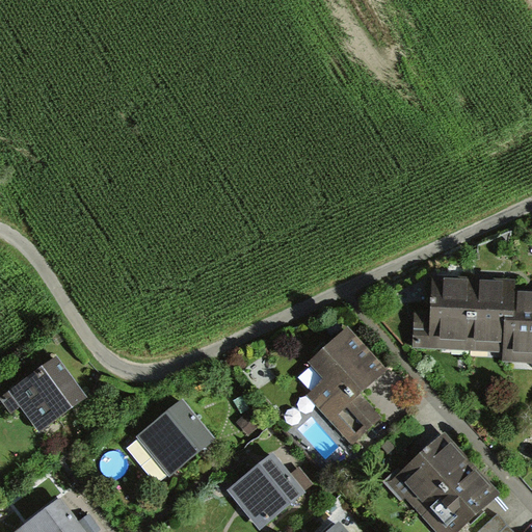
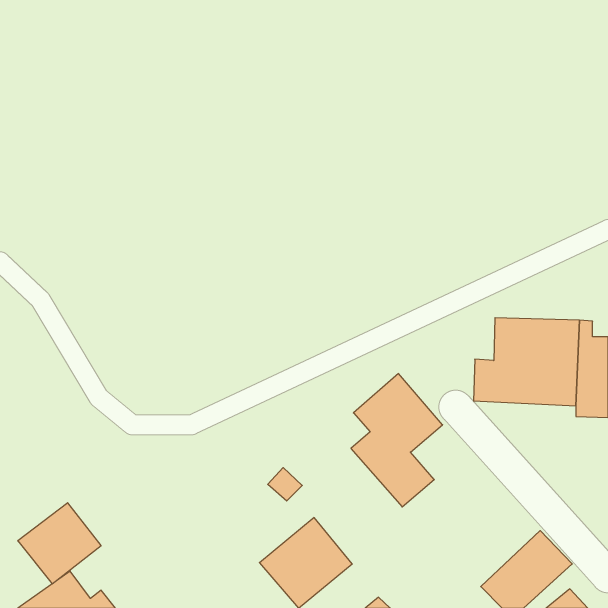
building: [7,360,80,430] -> [18,503,101,584]
building: [135,399,215,478] -> none
building: [385,433,472,512] -> none

